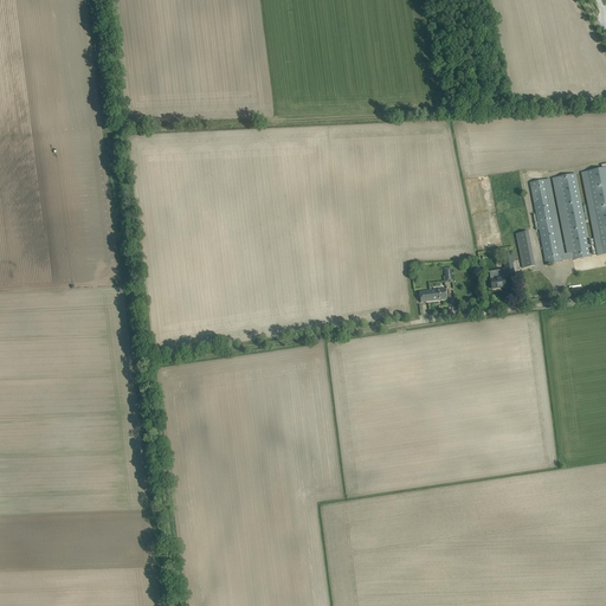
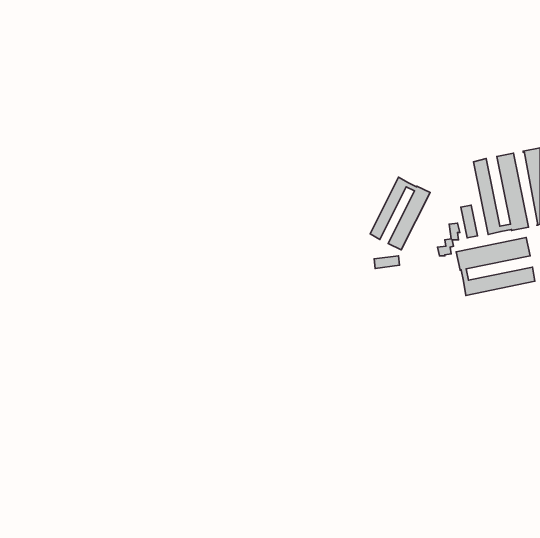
building: none -> [370,177,430,250]
building: none -> [456,237,535,295]

